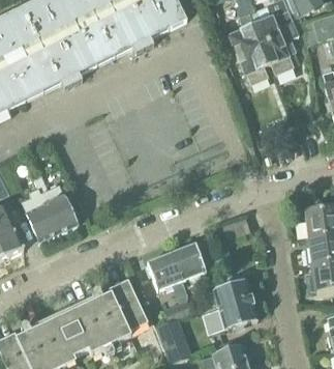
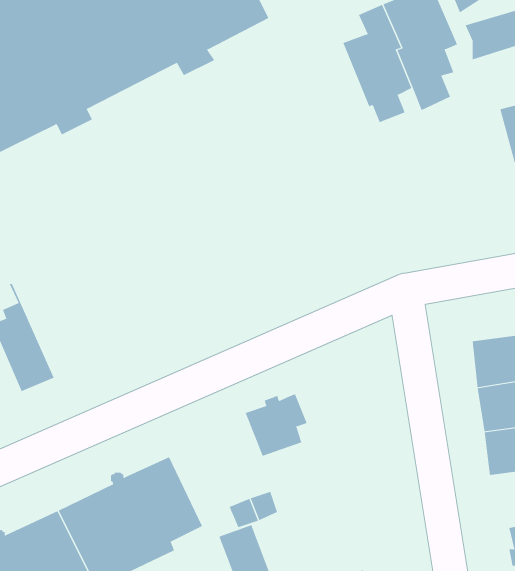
building: [34,174,78,233] -> none
building: [145,254,188,299] -> none
building: [214,276,257,330] -> none

